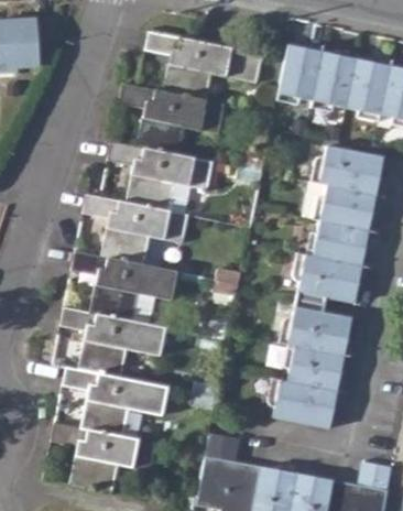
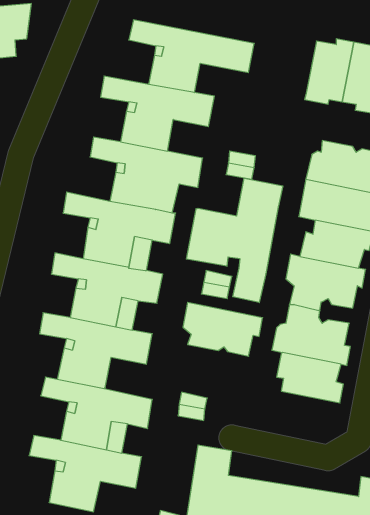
building: [275,43,322,105] -> none
building: none -> [186,178,283,303]
building: [268,378,342,428] -> [183,302,263,356]

